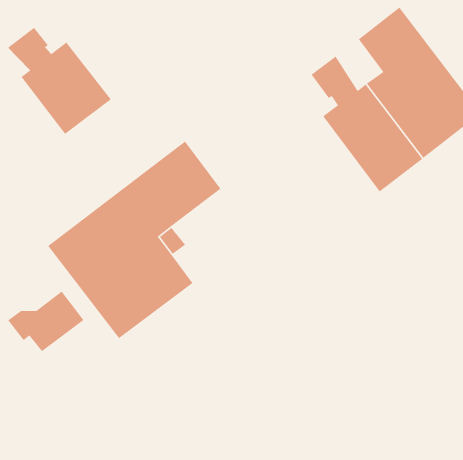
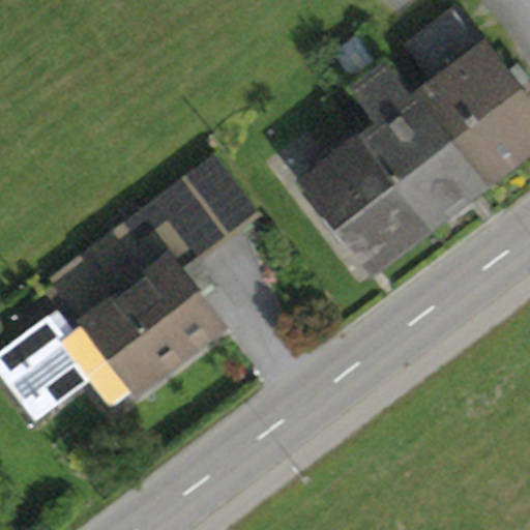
building: [7,27,112,135] -> none
building: none -> [311,137,434,268]

